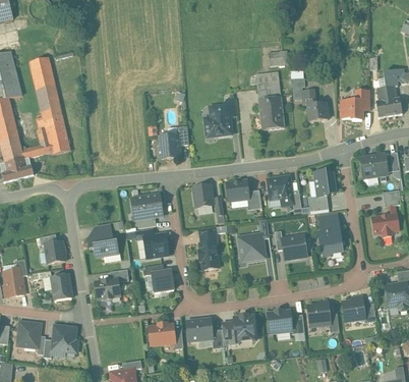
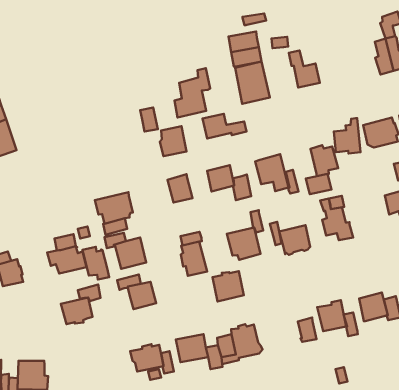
building: [342,92,362,120] -> [334,118,360,153]
building: [158,135,179,159] -> [160,126,186,156]
building: none -> [202,114,246,138]
building: none -> [82,247,109,279]
building: [51,274,72,301] -> none
building: [268,310,292,333] -> [213,271,244,301]

